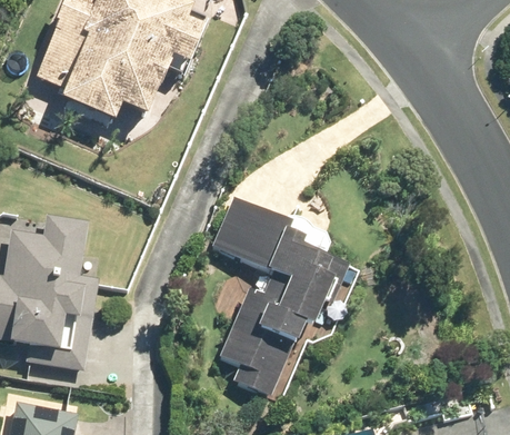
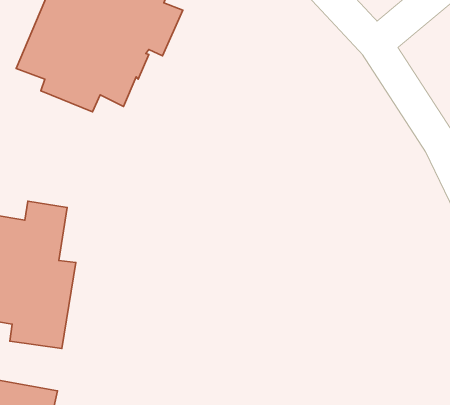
building: [210,197,356,399] -> none

